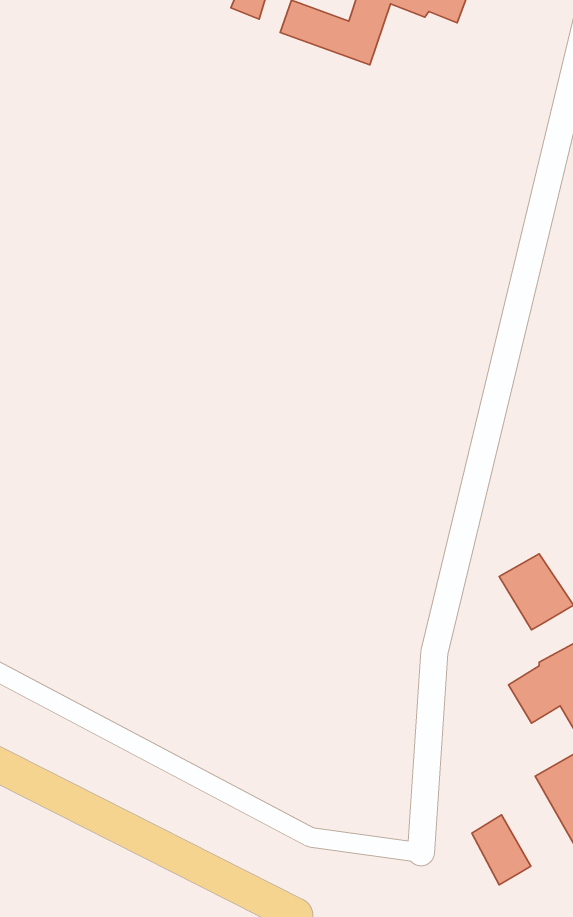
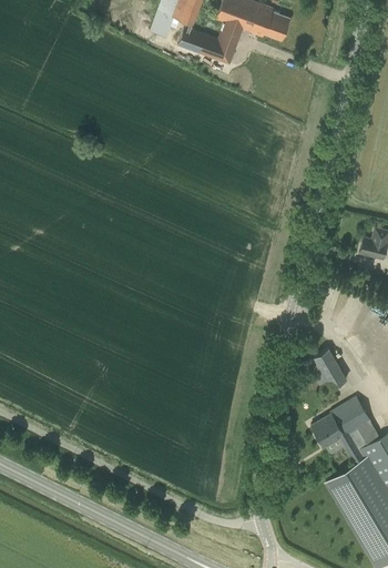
building: [472,815,531,885] -> none

